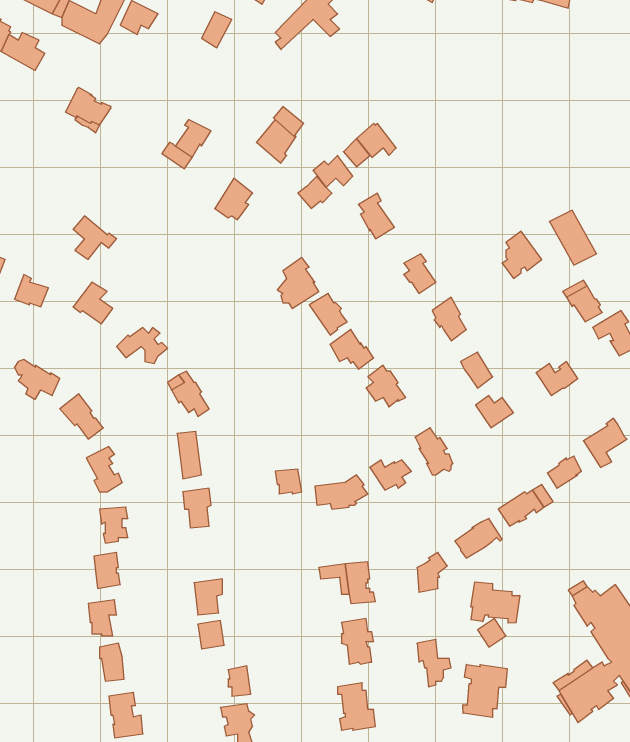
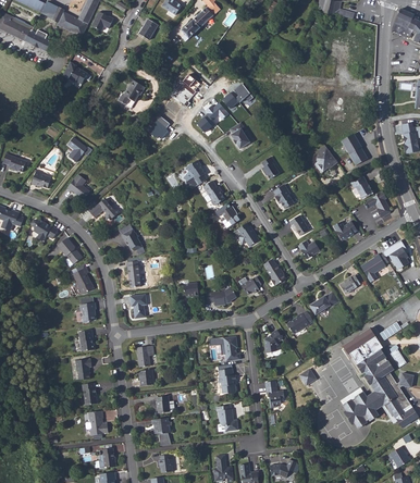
building: [471,582,520,623] -> none
building: [463,664,507,717] -> none

